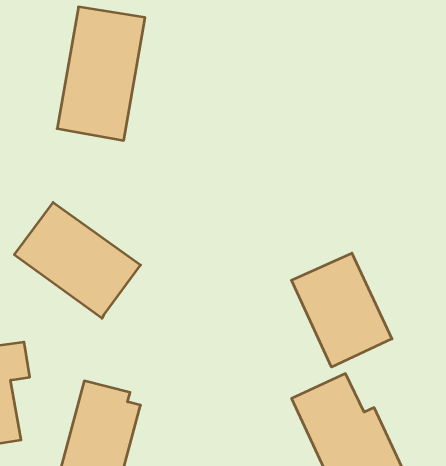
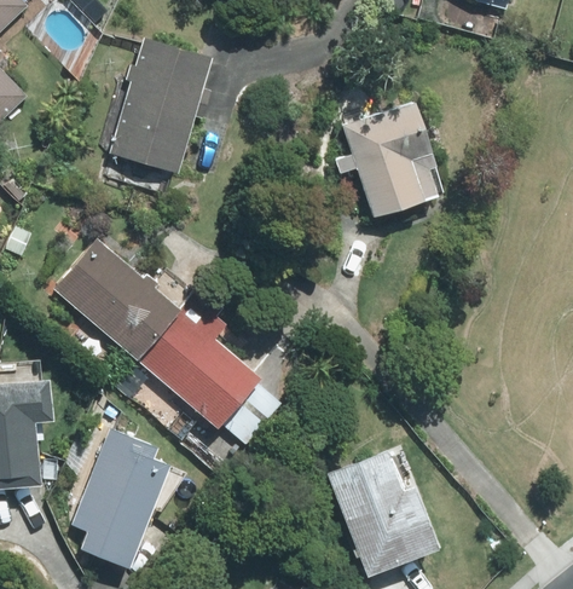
building: none -> [332,100,438,218]
building: none -> [138,288,257,429]
building: [291,253,392,367] -> none

